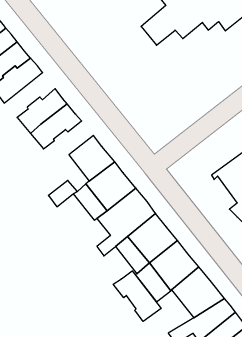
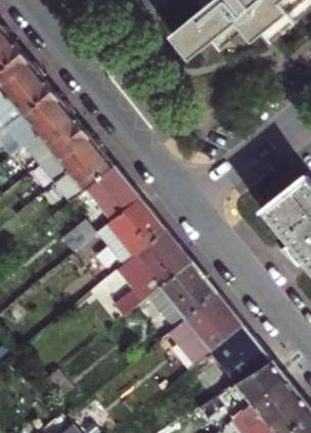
building: none -> [6,90,69,146]
building: none -> [54,148,115,202]
building: [113,271,161,321] -> none

